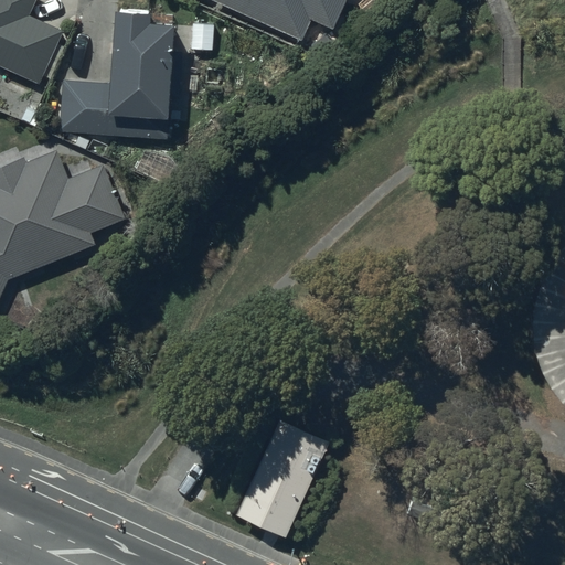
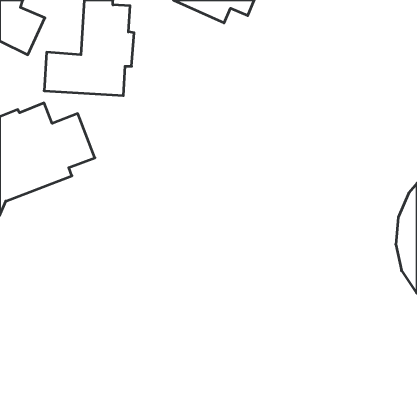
building: [233,413,333,539] -> none

